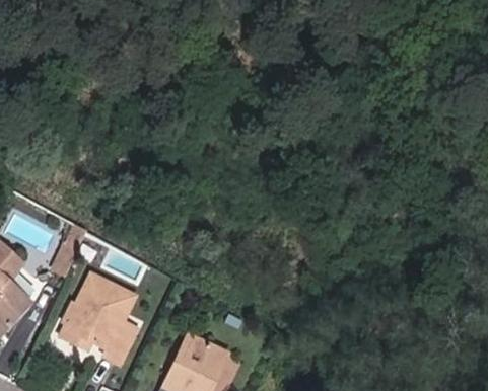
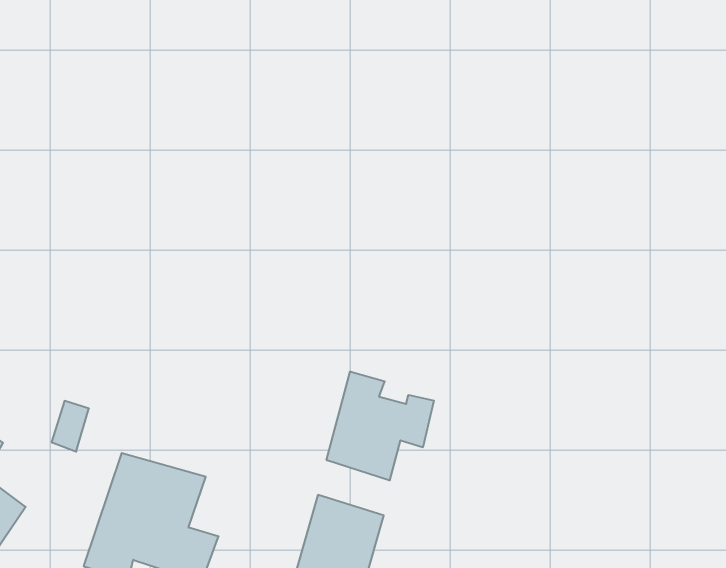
building: none -> [327,371,434,480]

